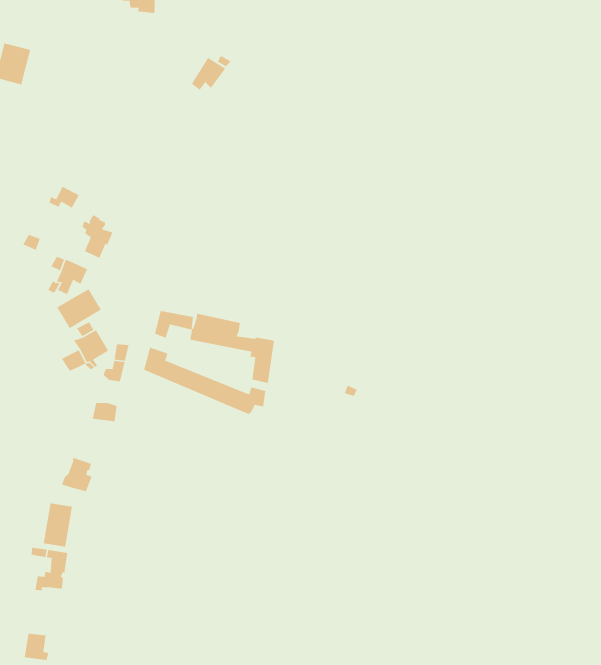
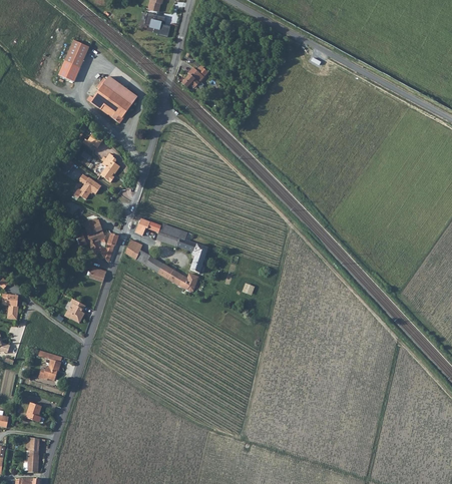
building: none -> [89,75,136,123]
building: [56,288,102,329] -> none
building: [43,503,73,547] -> none

